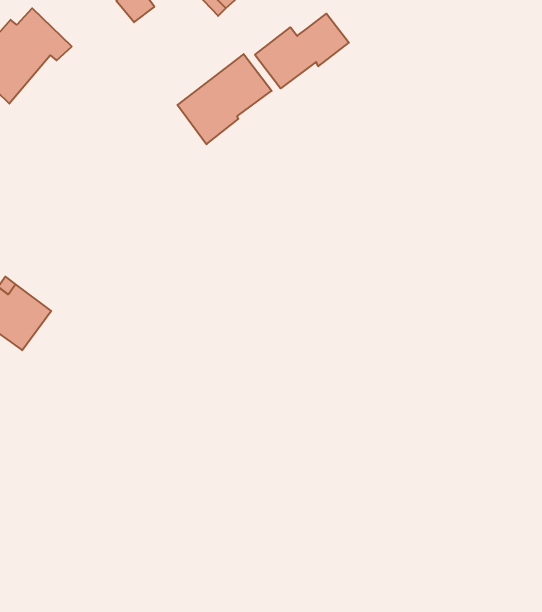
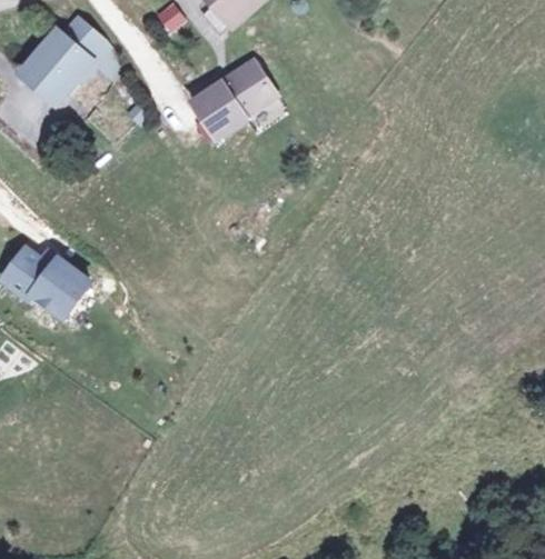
building: [255,14,349,88] -> none

